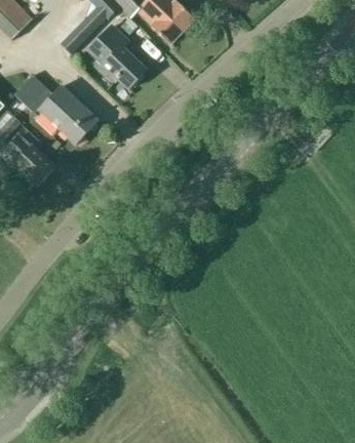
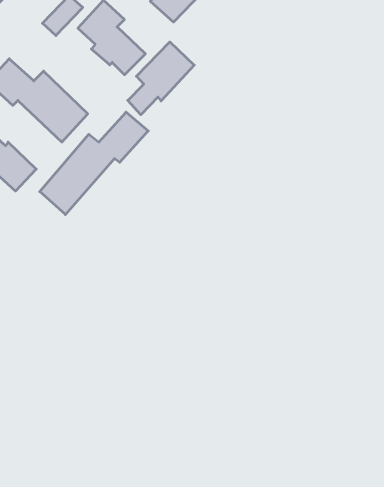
building: none -> [128,42,194,115]
building: none -> [40,112,148,215]

